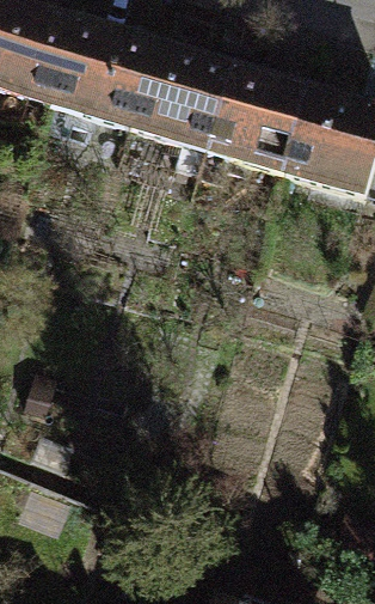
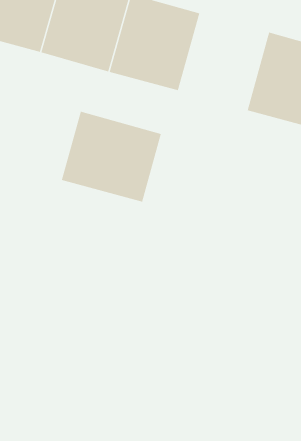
building: [211,63,315,176] -> none
building: none -> [61,111,161,202]

